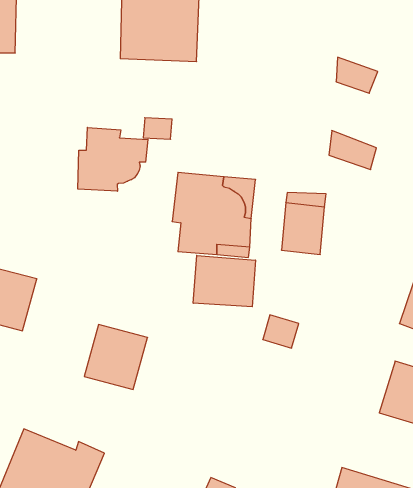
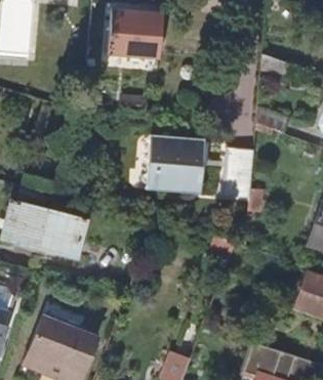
building: [78,127,148,191] -> none
building: [193,255,255,307] -> none
building: [84,325,148,389] -> [38,212,83,258]

